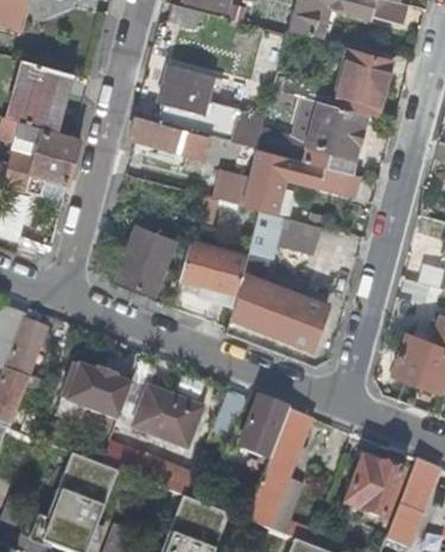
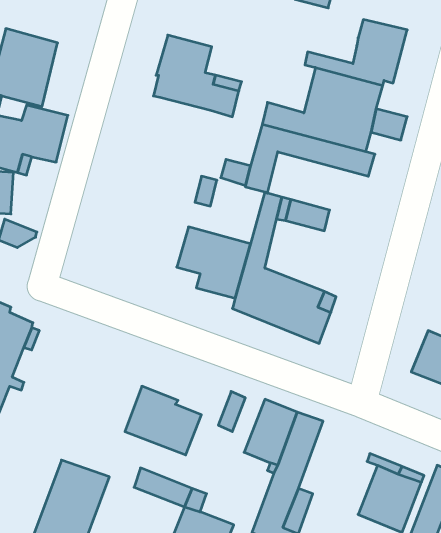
building: [128,115,209,158] -> none
building: [115,225,173,293] -> none
building: [59,366,129,423] -> none

